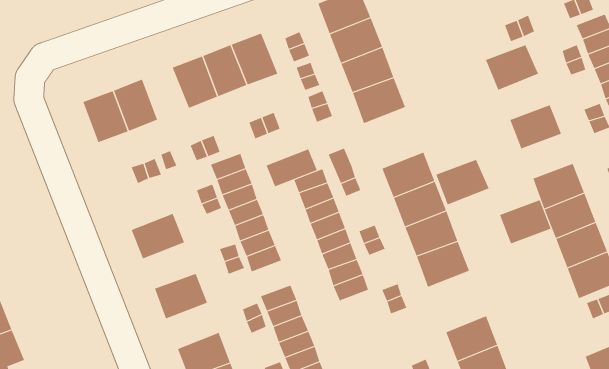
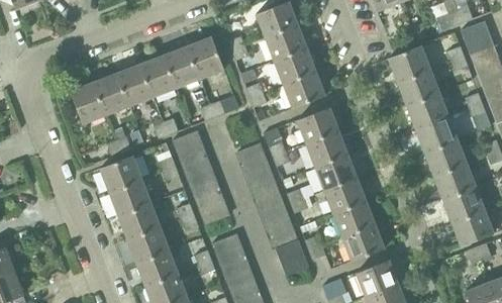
building: none -> [117,64,154,105]
building: none -> [398,69,439,105]
building: [266,148,317,187] -> none
building: [436,159,489,205] -> [297,107,339,143]
building: none -> [99,156,141,192]
building: [499,199,552,244] -> [416,116,458,152]
building: none -> [117,202,160,238]
building: none -> [342,224,385,261]
building: none -> [275,238,308,275]
building: none -> [135,249,178,286]

